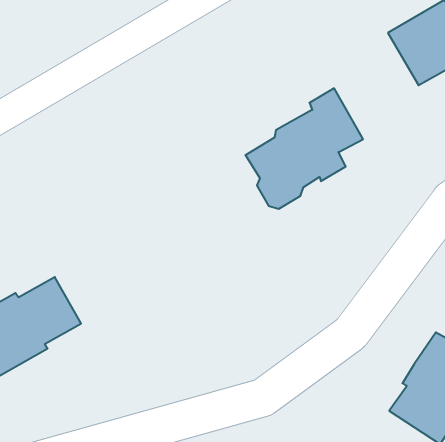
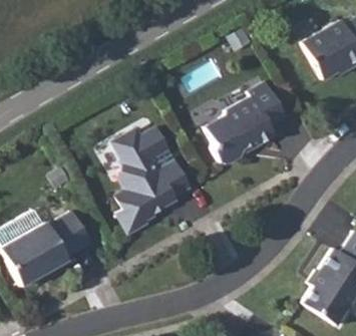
building: none -> [113,127,190,232]

